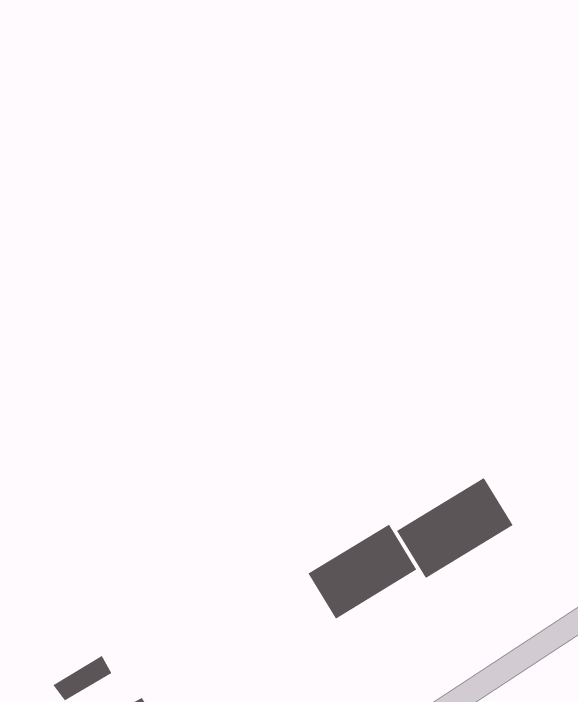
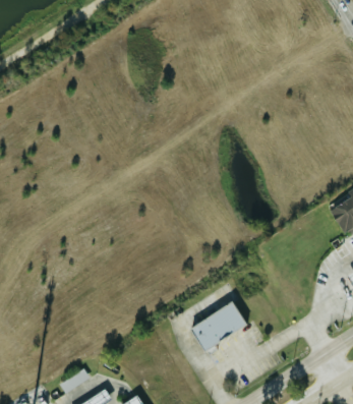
building: [396,477,513,579] -> none

